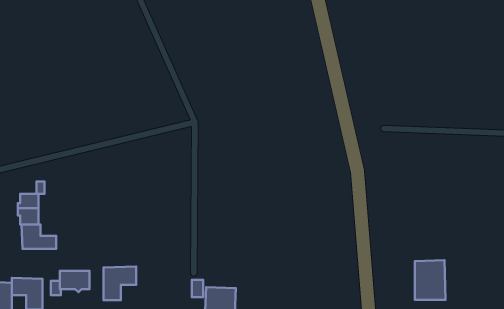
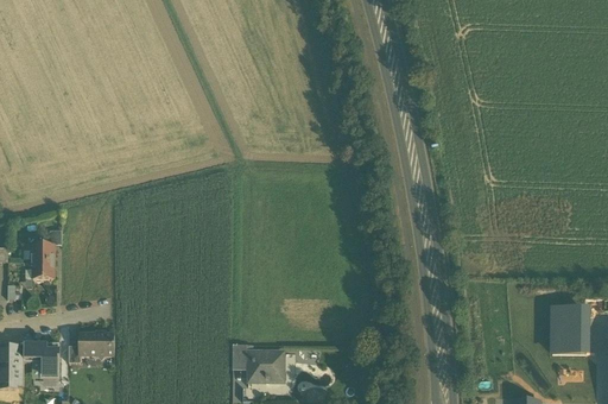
building: [21,225,56,249] -> none
building: [415,260,445,300] -> [551,307,587,353]
building: [103,266,136,300] -> none

